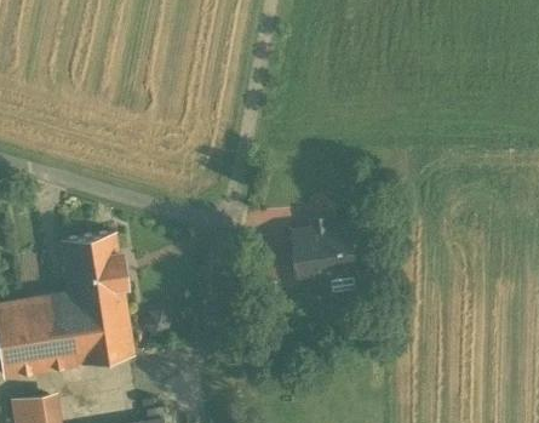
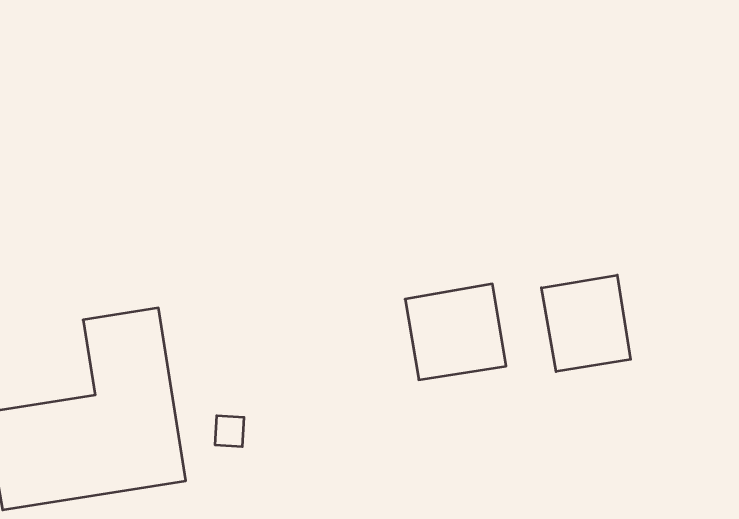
building: none -> [541,275,631,372]

